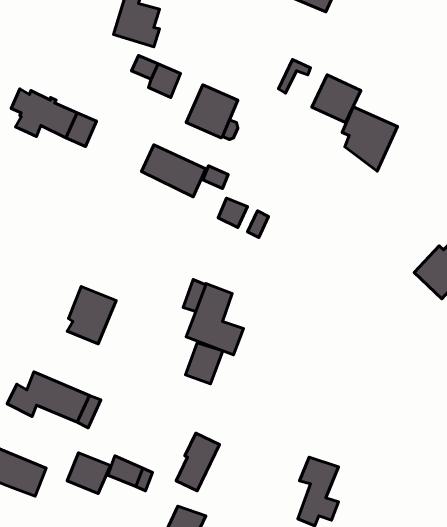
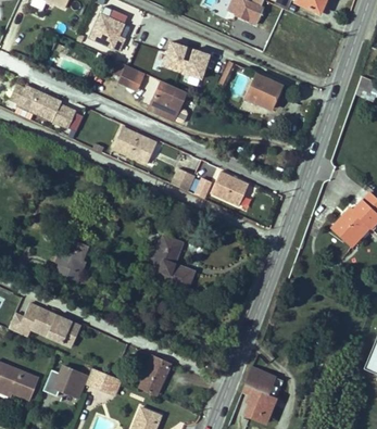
building: none -> [164,41,212,86]
building: [342,107,398,171] -> none
building: none -> [211,172,249,205]
building: [185,343,223,384] -> none

